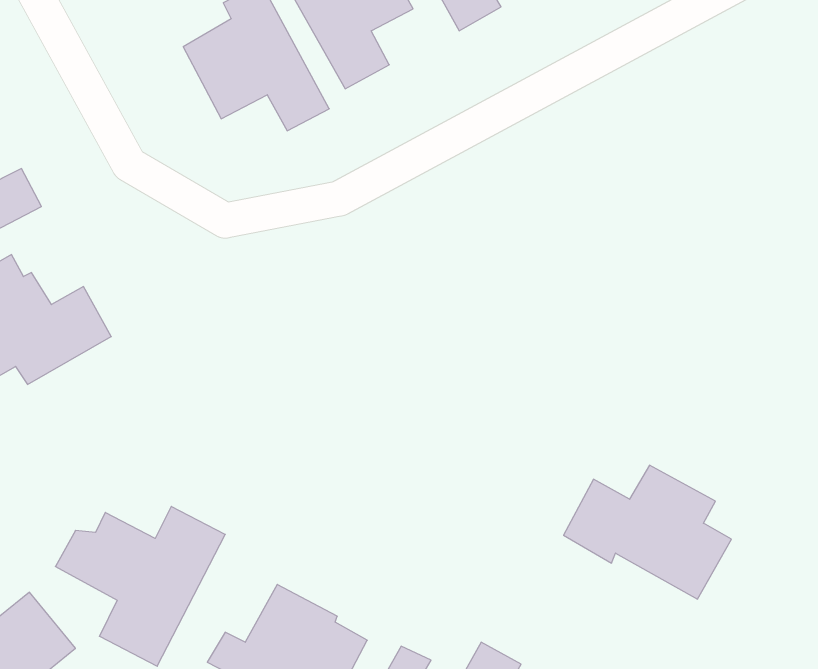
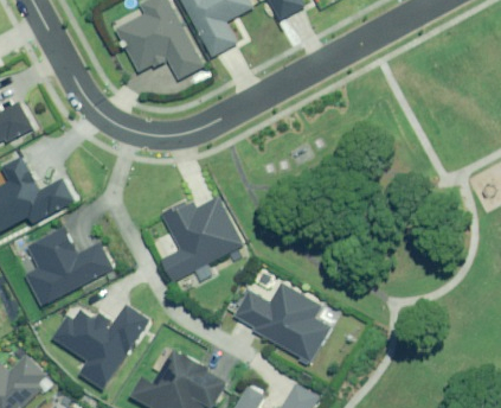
building: none -> [160,197,243,282]
building: none -> [25,228,111,306]
building: [564,465,731,599] -> [230,282,329,362]

